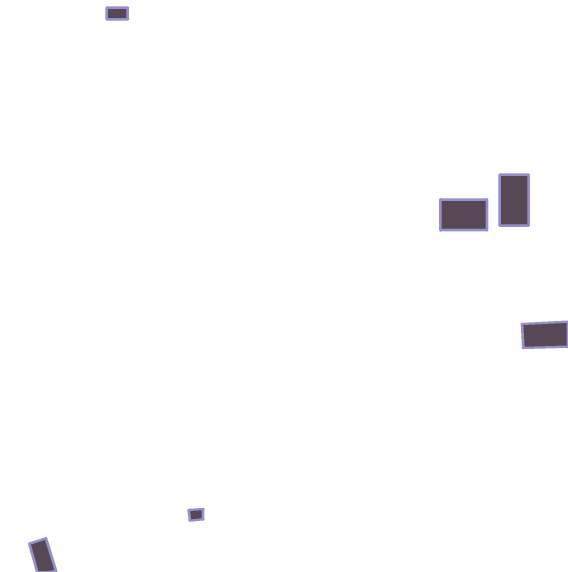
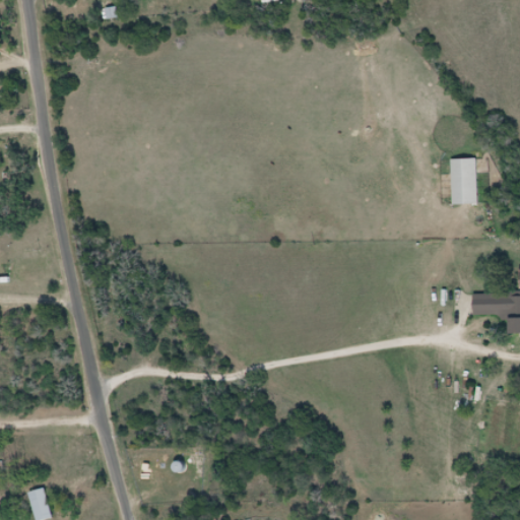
building: [441,199,487,230] -> none

